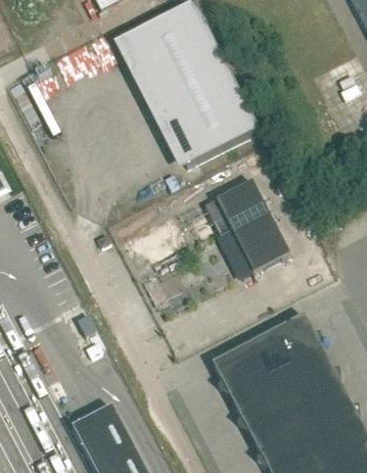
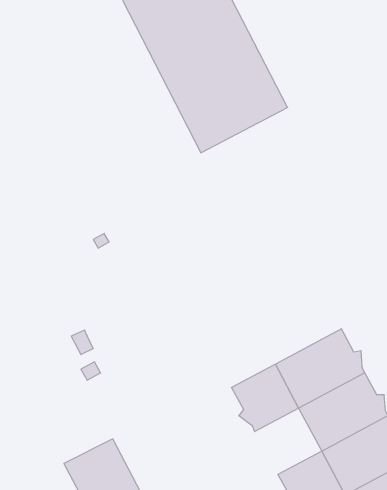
building: [203,178,289,273] -> none
building: [230,378,286,433] -> none

